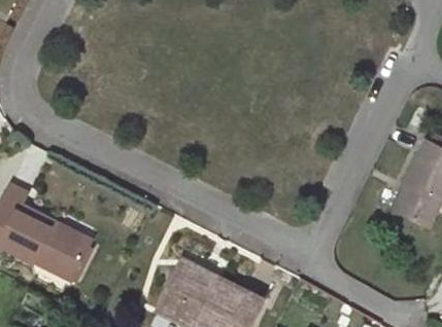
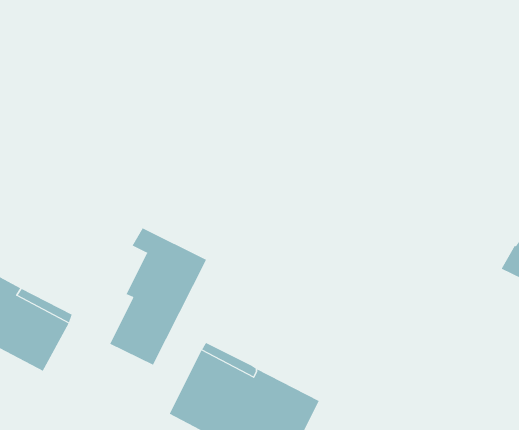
building: none -> [109,227,207,366]

